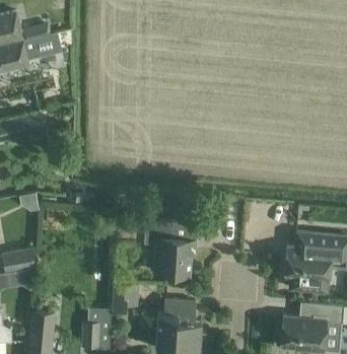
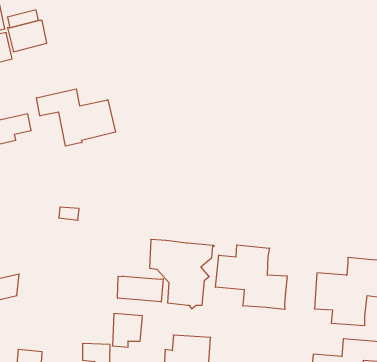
building: none -> [36,89,115,146]
building: none -> [215,245,287,309]
building: none -> [118,276,163,302]

